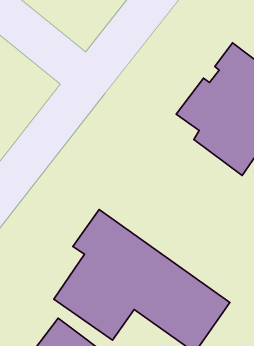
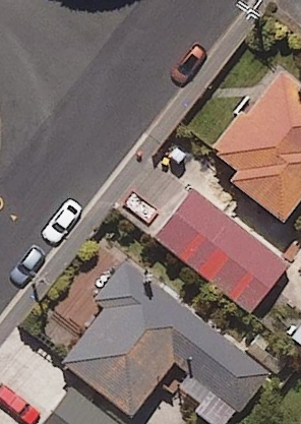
building: none -> [154,189,287,313]

